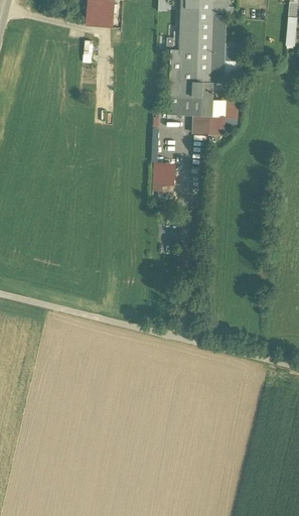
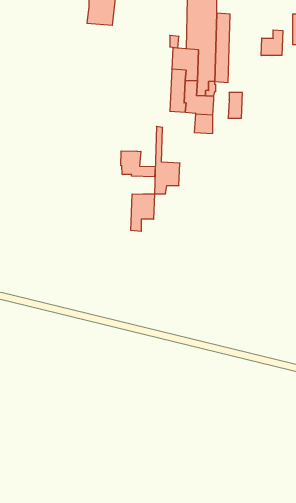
building: none -> [261,30,283,56]
building: [209,100,226,134] -> none
building: none -> [121,151,155,177]
building: none -> [131,194,154,231]

